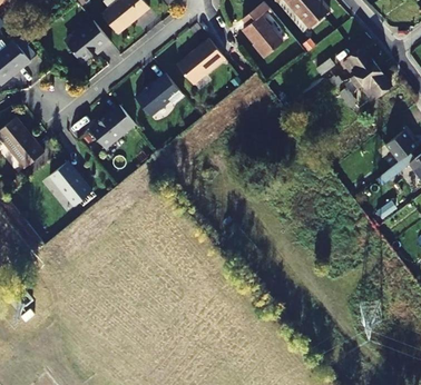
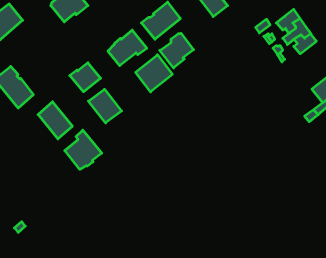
building: none -> [160,33,194,68]
building: none -> [136,55,172,92]
building: none -> [88,89,122,123]
building: none -> [65,130,102,169]

